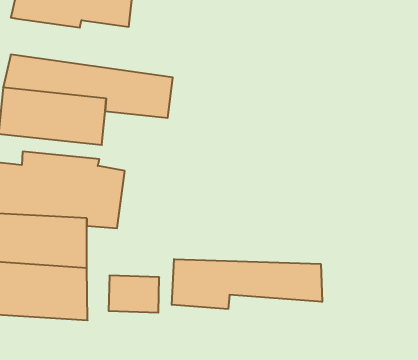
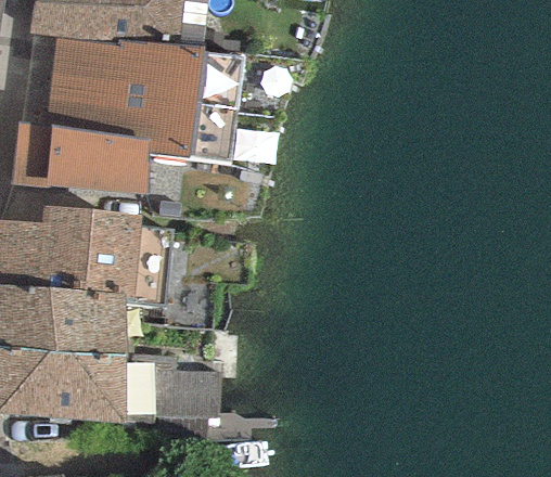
building: none -> [17,34,232,109]
building: [172,259,322,309] -> none

